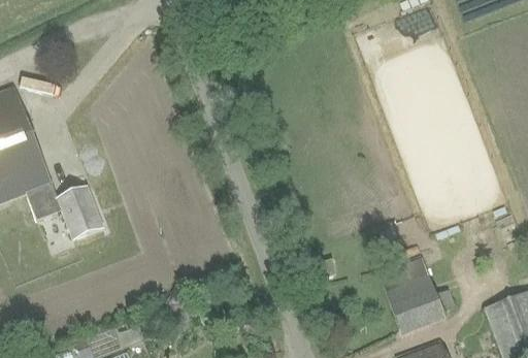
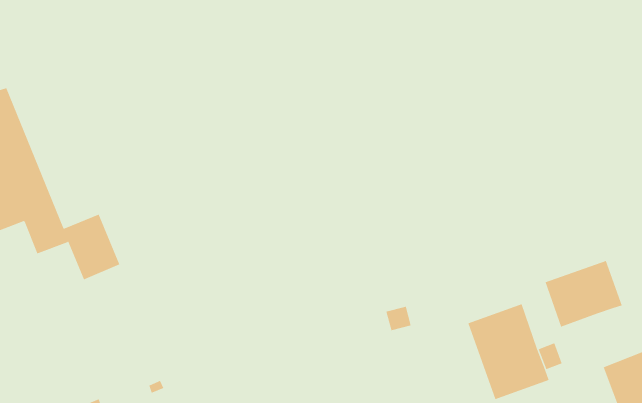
building: none -> [545,260,622,328]

